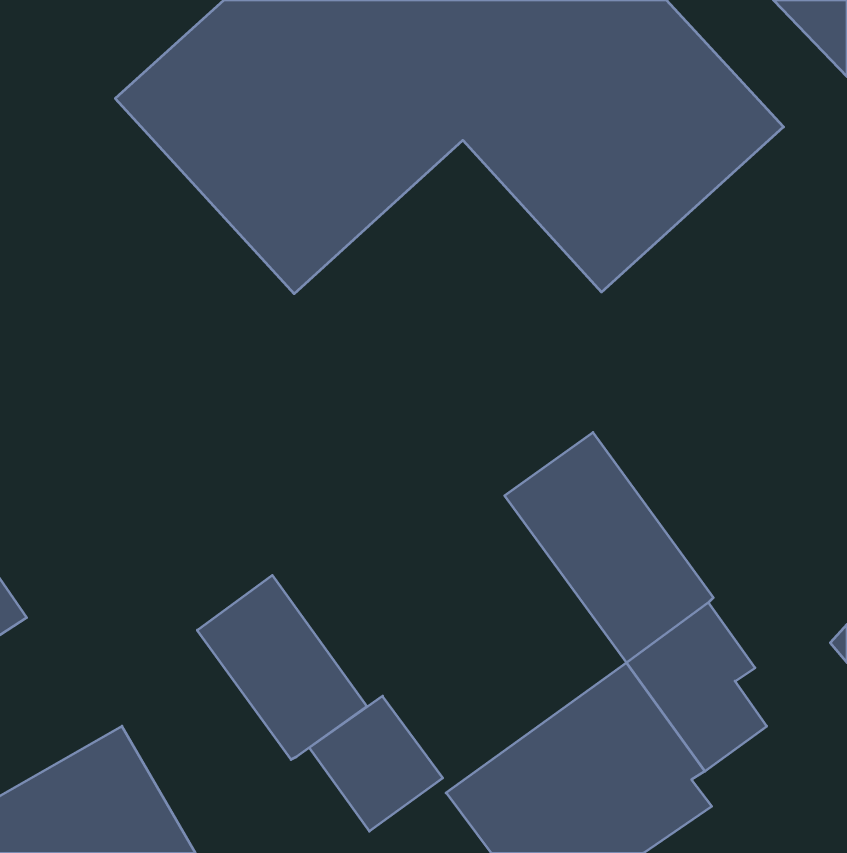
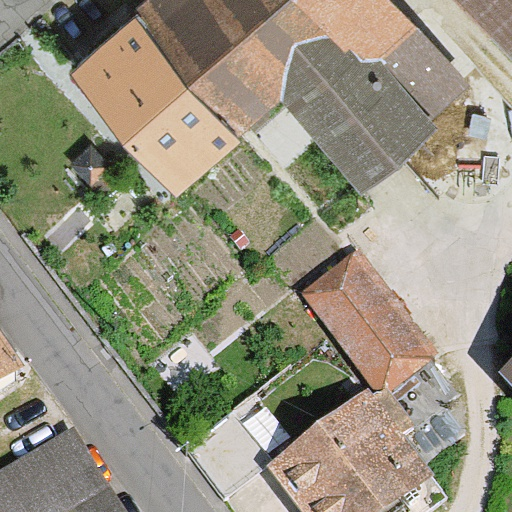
building: [197,575,367,760] -> none

